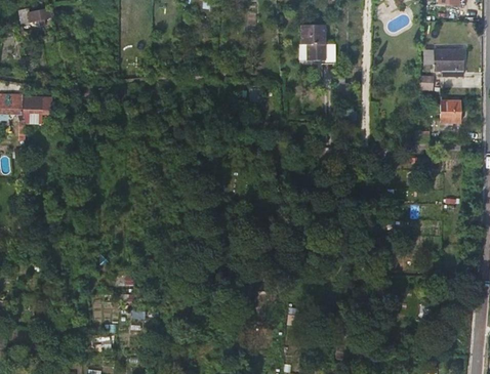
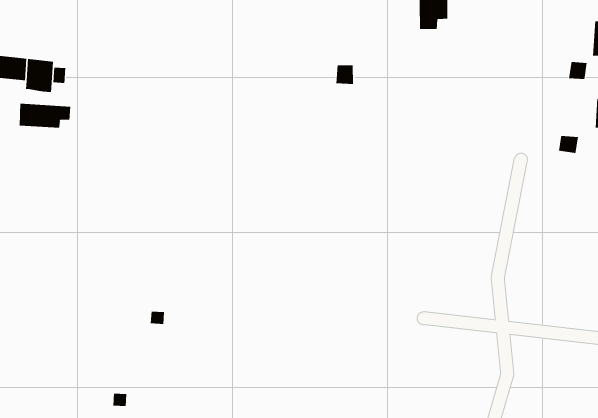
building: none -> [19,103,71,128]

